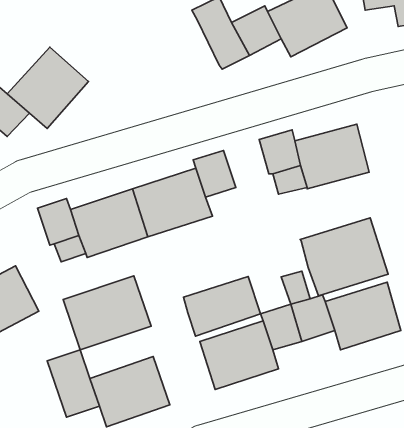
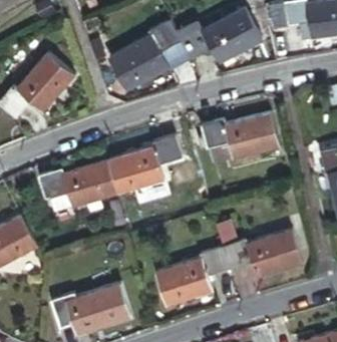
building: none -> [111,36,170,90]
building: [300,218,388,296] -> none
building: [63,276,151,350] -> none
building: [184,276,261,336] -> none

